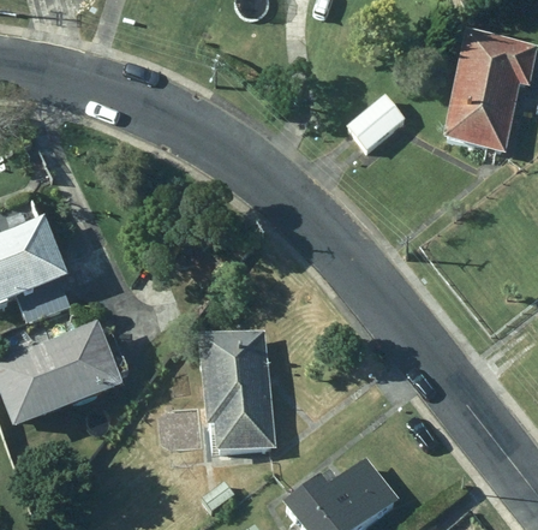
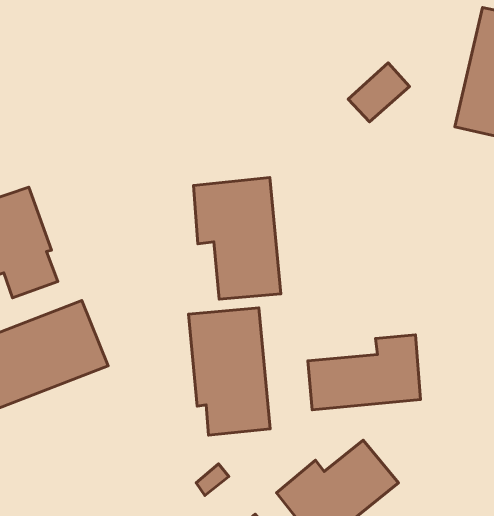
building: none -> [193,177,281,299]
building: none -> [308,335,420,410]

